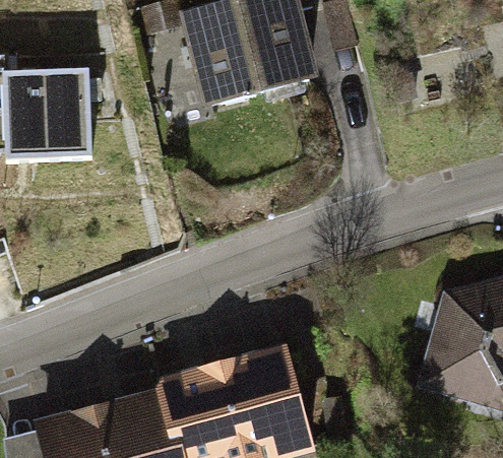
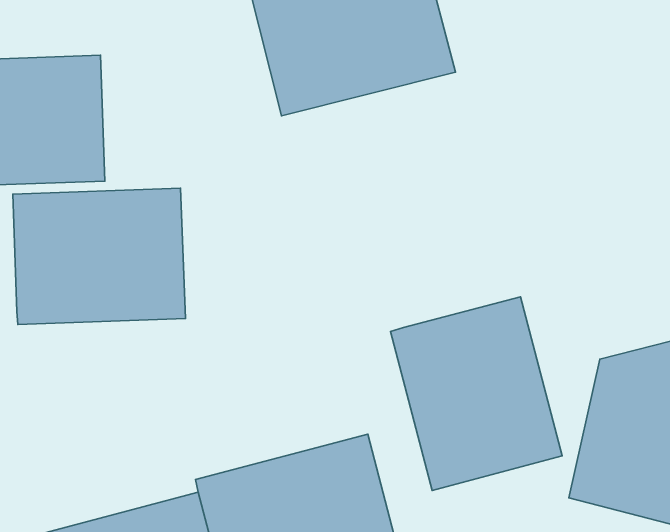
building: none -> [13,188,185,324]
building: none -> [390,297,562,490]

